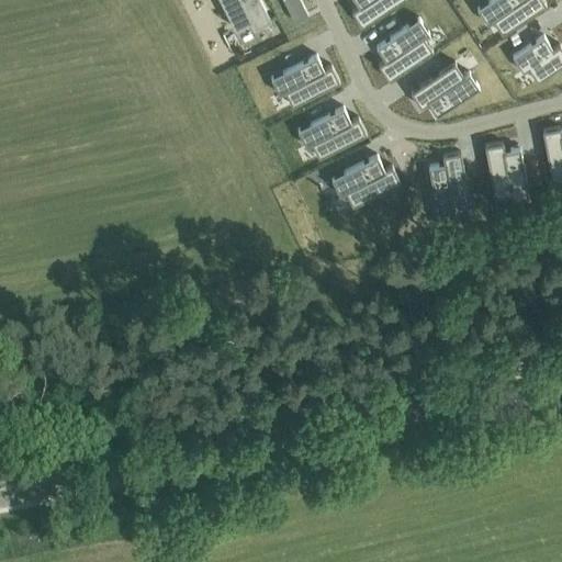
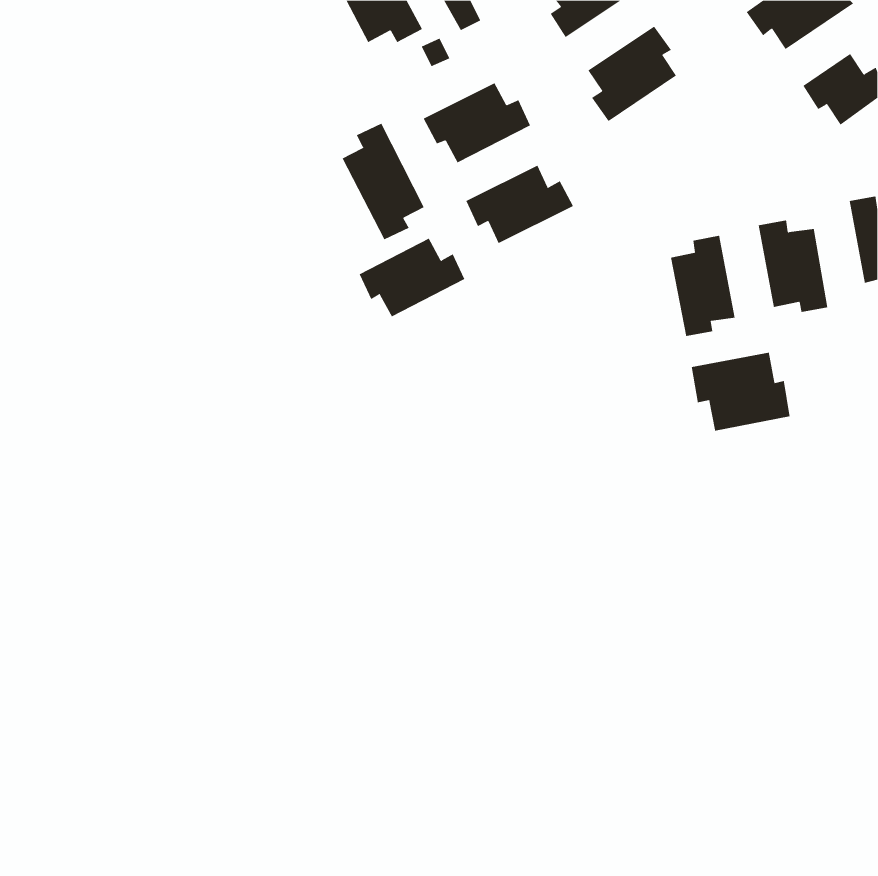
building: [411,61,479,115] -> none
building: none -> [342,123,425,240]
building: [331,155,400,205] -> [359,238,465,317]
building: none -> [691,352,790,431]

